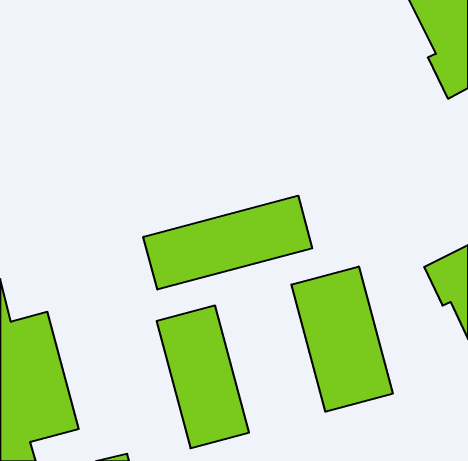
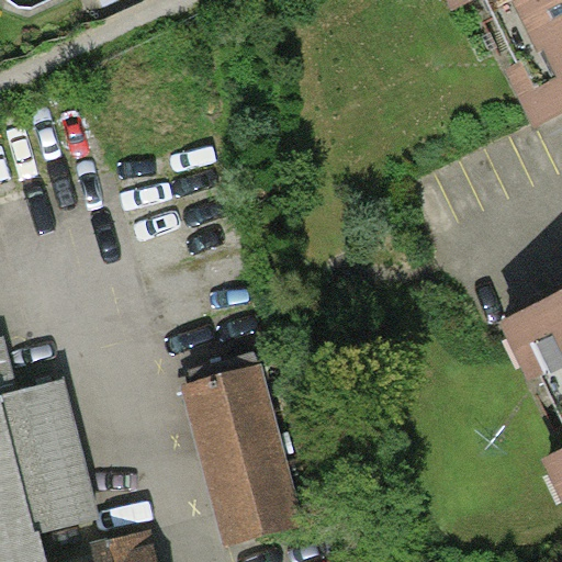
building: [143,196,312,290] -> none
building: [291,266,393,412] -> none

